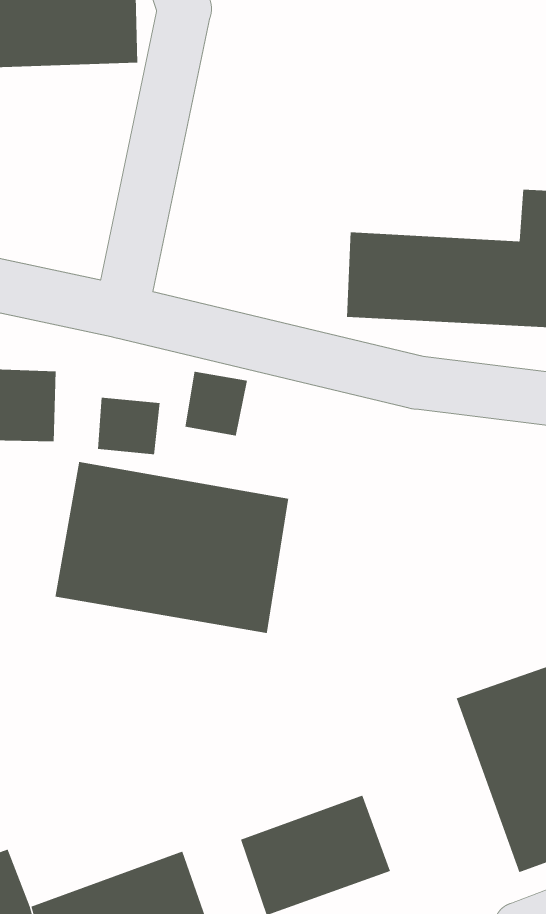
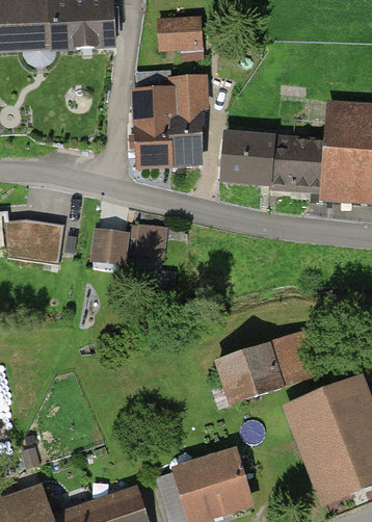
building: none -> [156,20,195,54]
building: none -> [132,82,201,162]
building: [55,461,289,634] -> none
building: none -> [212,332,316,401]

